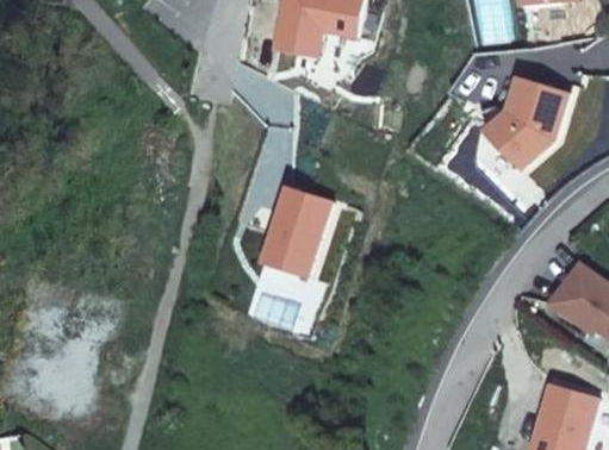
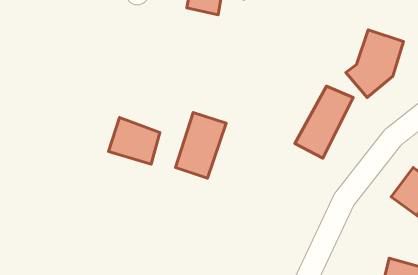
building: none -> [295,86,353,158]
building: none -> [109,117,160,164]

